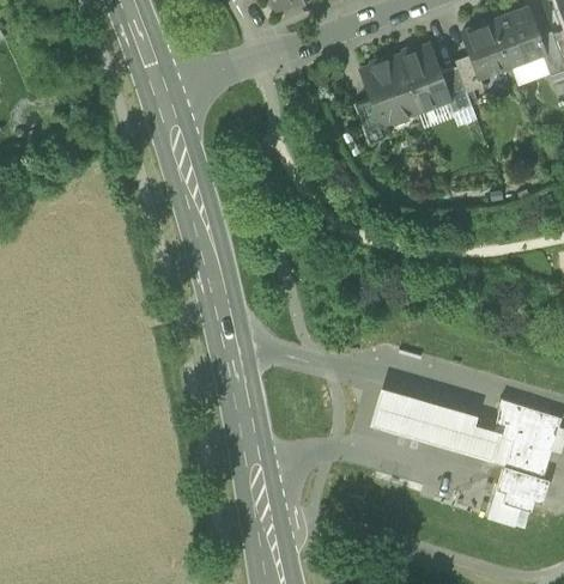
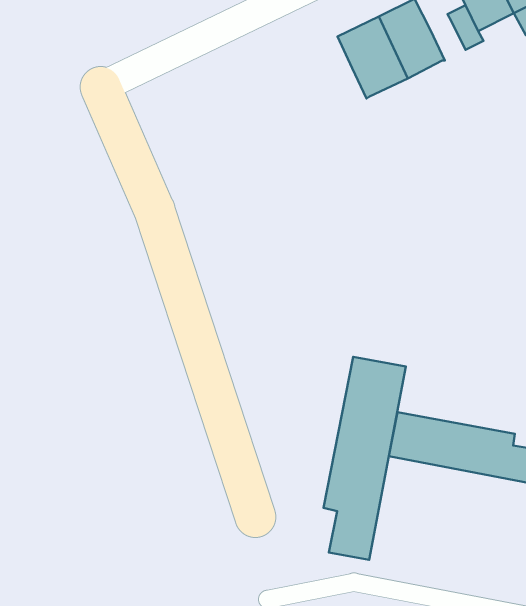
building: [439,67,472,112] -> none
building: [354,98,388,144] -> none
building: none -> [324,357,406,560]

